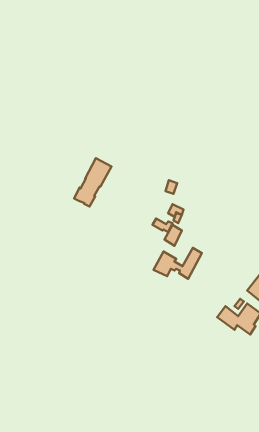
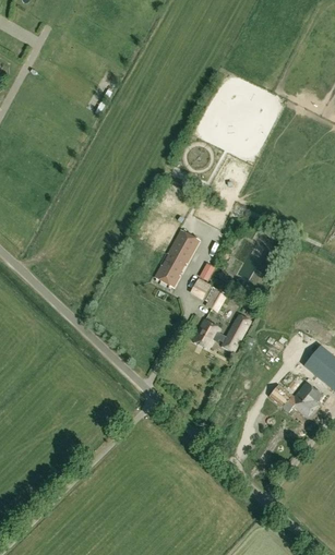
building: [74,158,111,207] -> [155,229,200,287]

